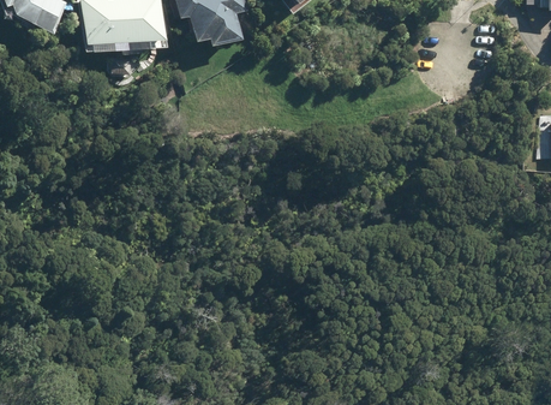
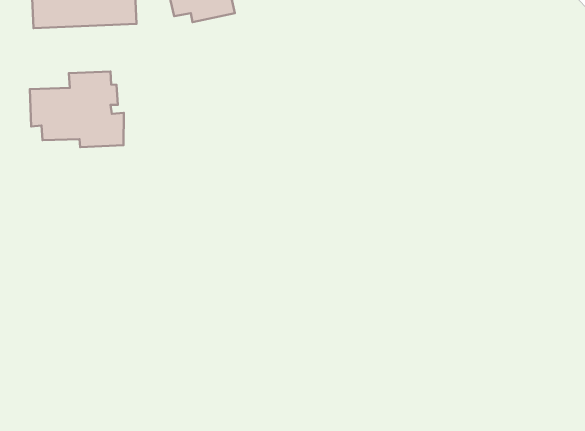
building: none -> [30,71,124,147]

